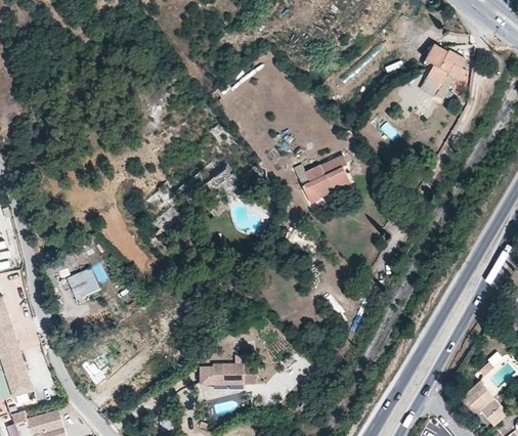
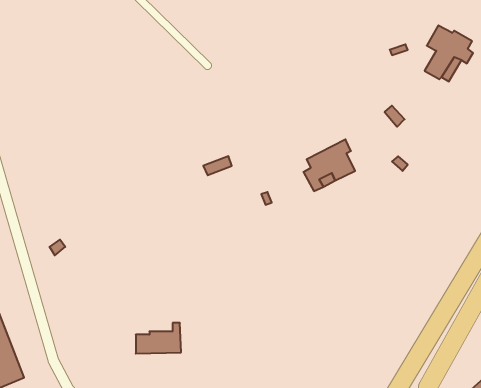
building: [66,268,100,302] -> none
building: [199,356,243,386] -> [136,323,181,354]

